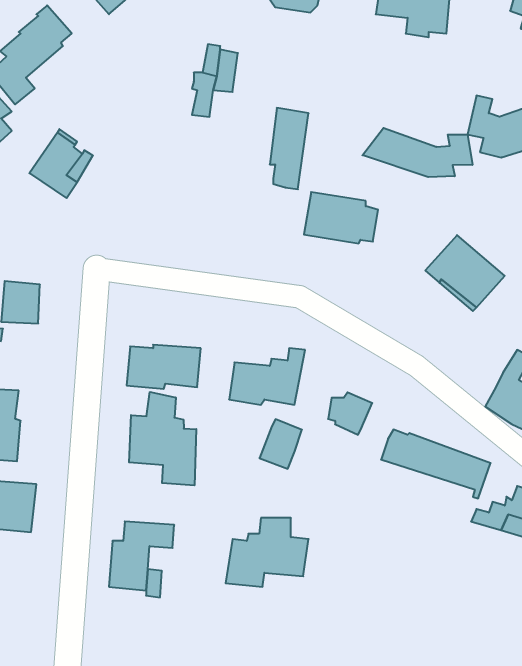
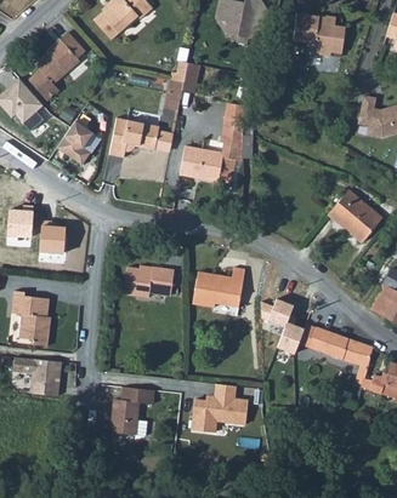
building: [362,128,472,177] -> none
building: none -> [107,118,175,158]
building: [304,192,378,243] -> [181,145,232,181]
building: [129,392,196,485] -> none
building: [259,419,302,469] -> [273,322,302,356]

